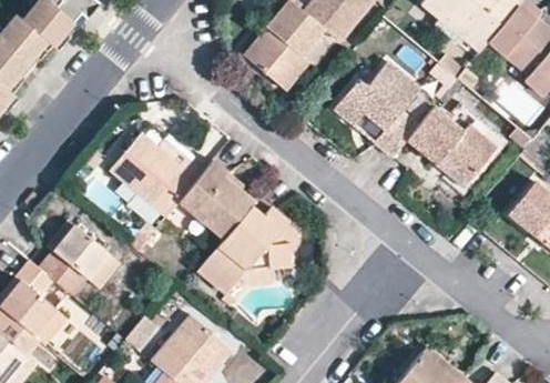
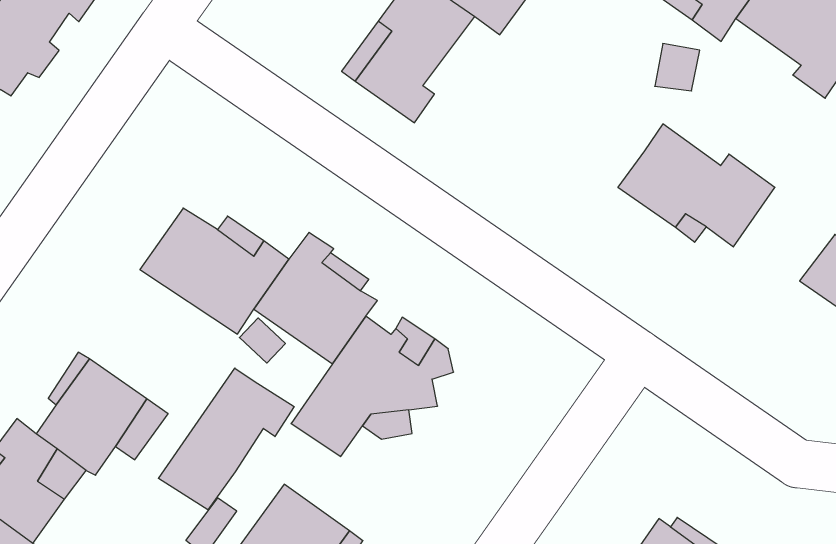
building: [333,59,426,160] -> none
building: none -> [158,368,294,510]

